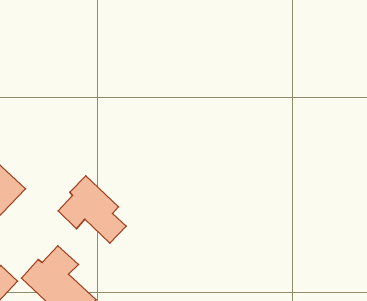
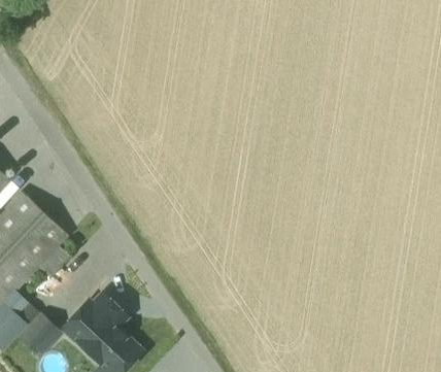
building: [58,176,126,243] -> none

